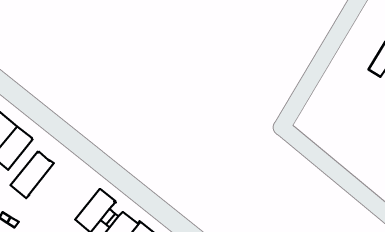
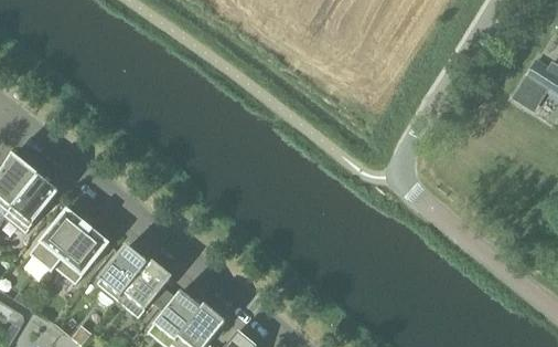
building: none -> [54,224,108,284]
building: none -> [96,246,150,301]

